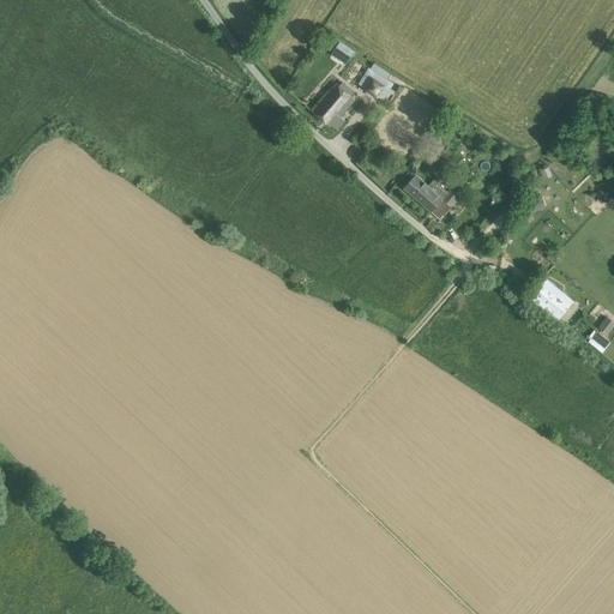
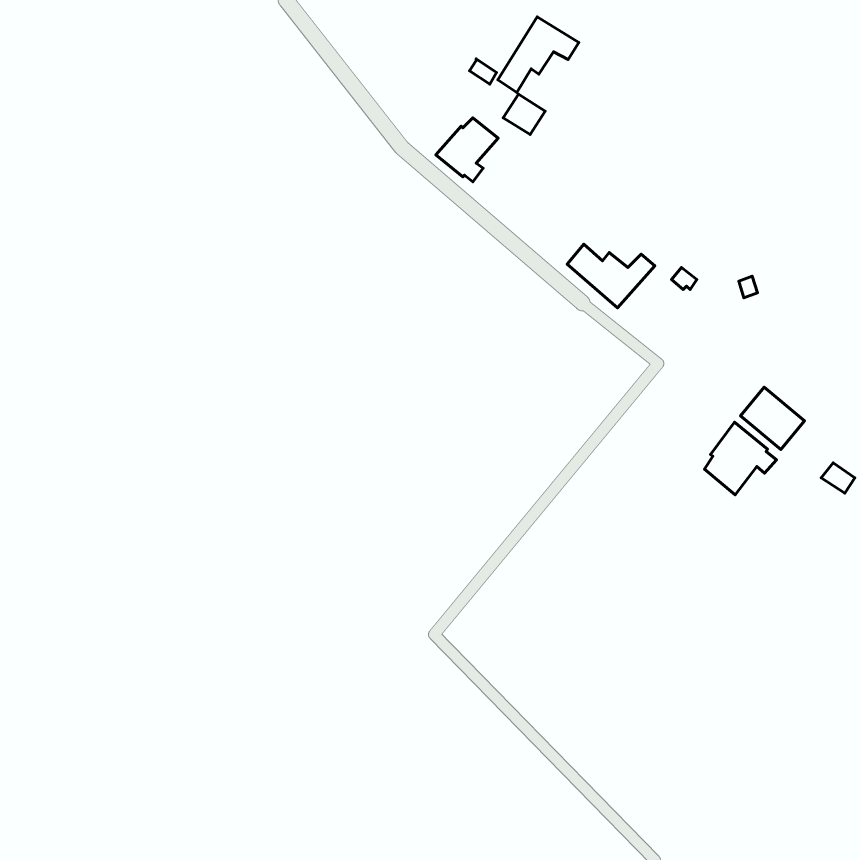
building: none -> [498,17,579,93]
building: none -> [705,422,776,495]

